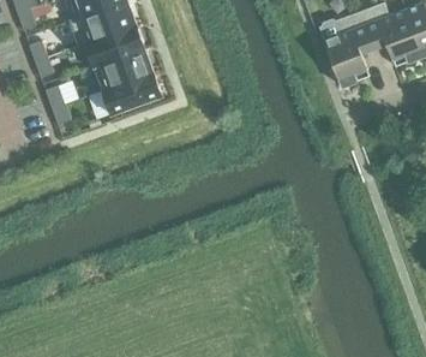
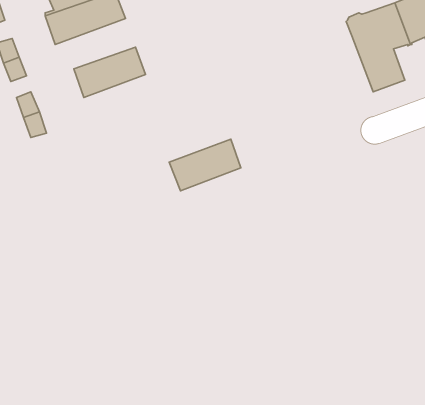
building: [76,24,143,66] -> none
building: [100,71,160,114] -> [169,139,241,191]

